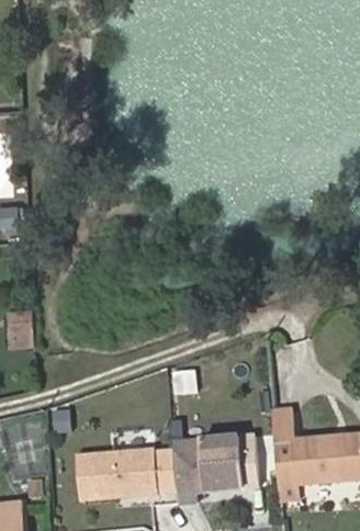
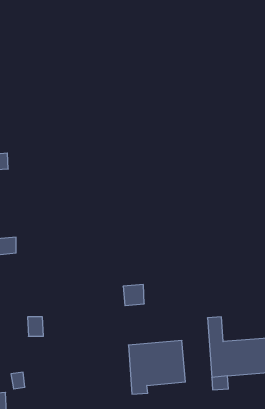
building: [76,452,158,502] -> none

